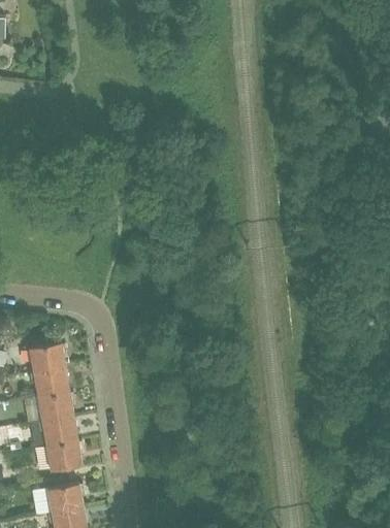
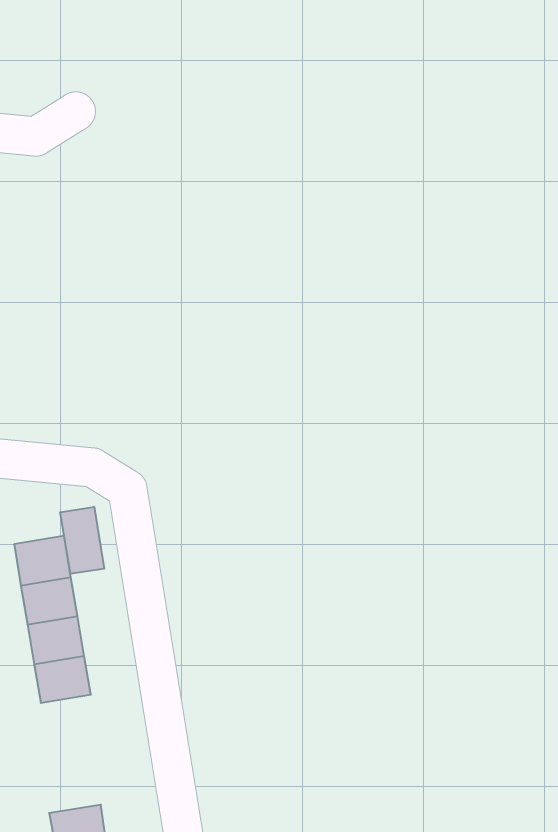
building: none -> [60,507,104,574]
building: [45,440,82,471] -> none
building: [46,483,83,514] -> none

